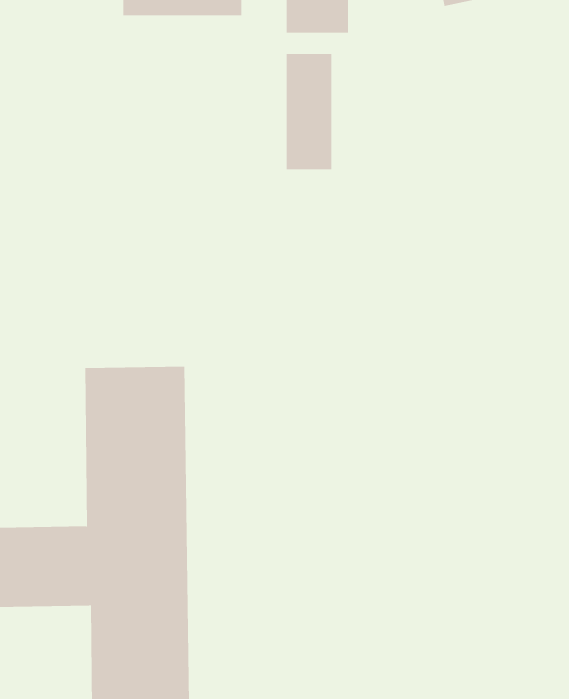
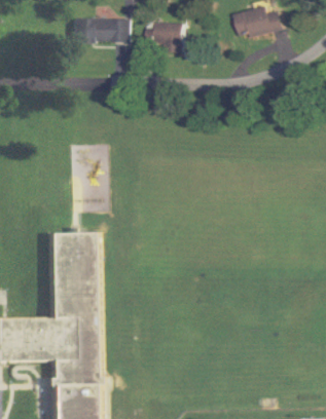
building: [286,53,332,170] -> none

